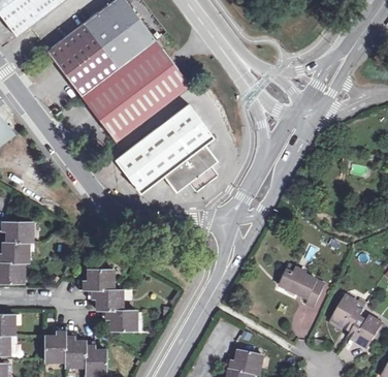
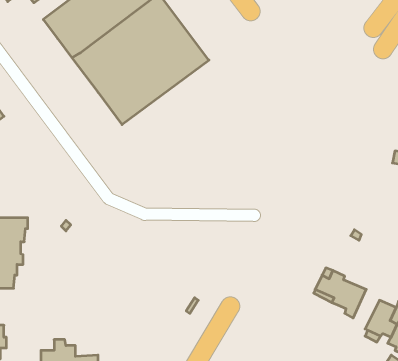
building: [112,104,215,193] -> none
building: [78,270,141,331] -> none

